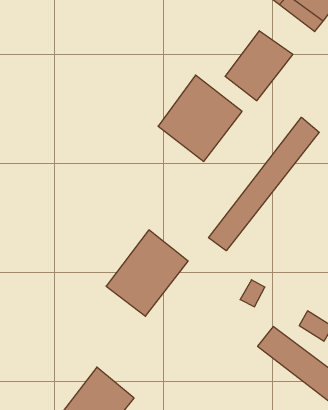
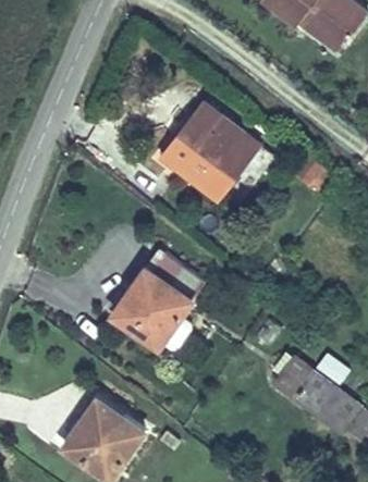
building: [225,31,293,101] -> none
building: [209,117,319,251] -> none

